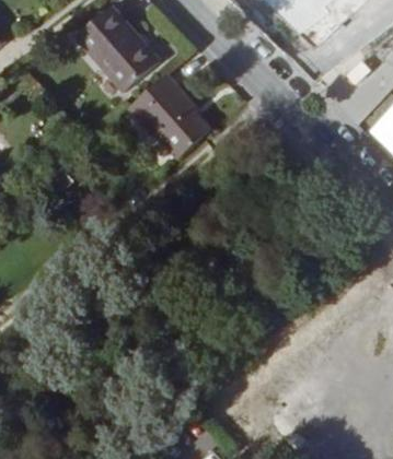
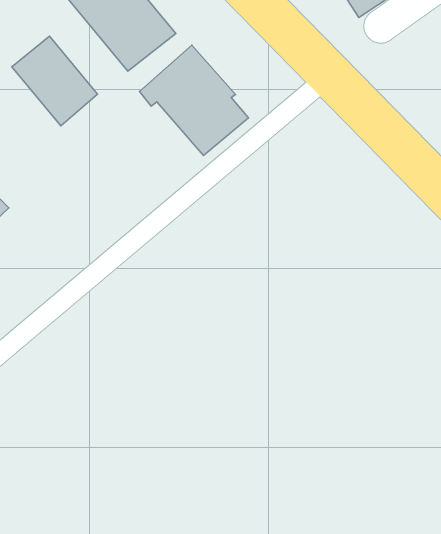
building: none -> [12,36,98,126]

